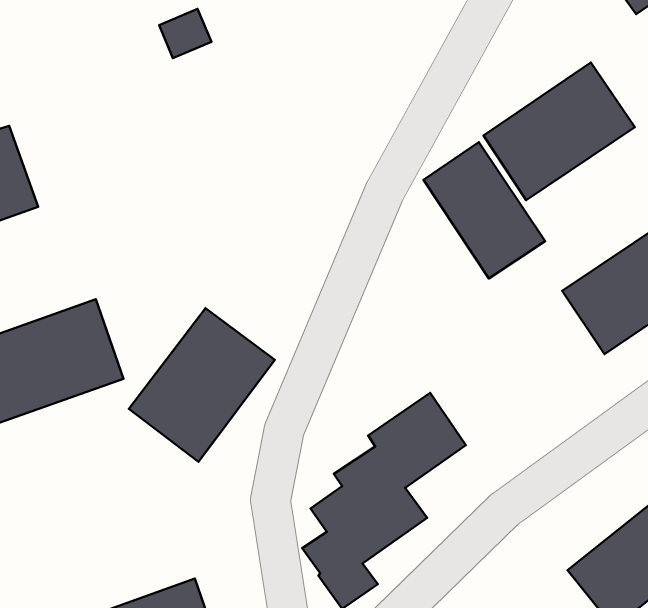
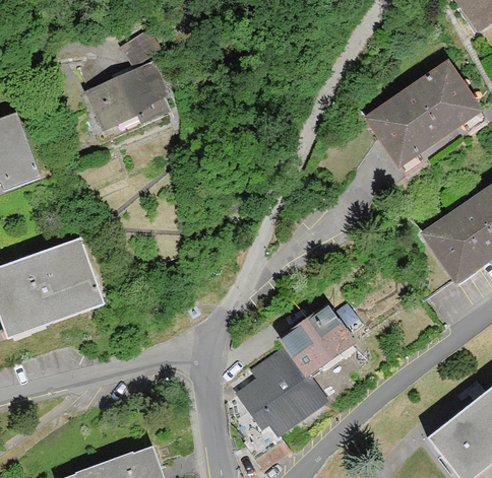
building: none -> [86,62,170,140]
building: [424,142,545,278] -> none
building: [129,308,275,462] -> none

